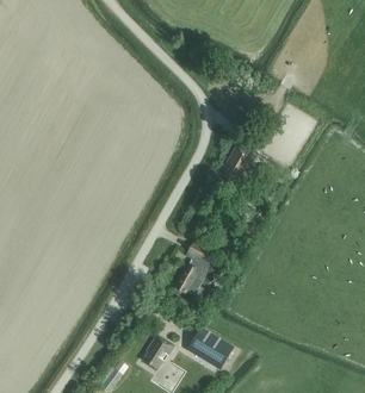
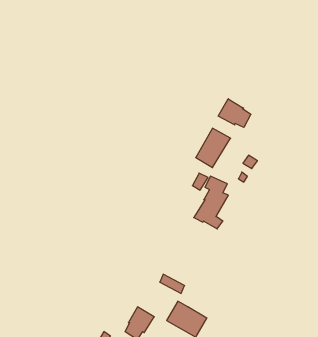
building: none -> [218,99,251,127]
building: [175,244,212,300] -> [194,176,228,229]

